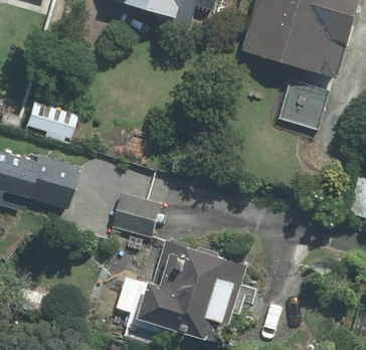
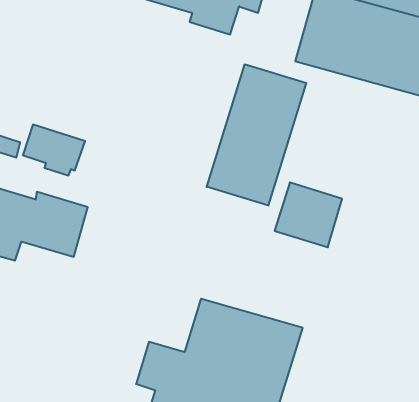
building: none -> [207,64,306,206]
building: [278,80,331,132] -> [275,182,342,247]
building: [111,192,162,236] -> none

